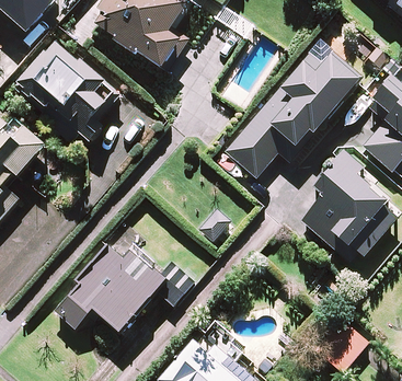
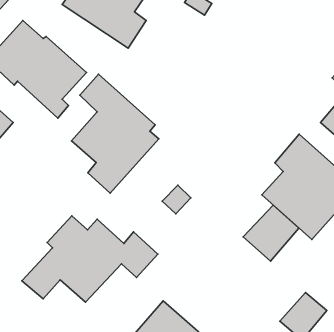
building: [223,51,363,176] -> none
building: none -> [71,74,159,193]
building: none -> [243,205,299,261]

